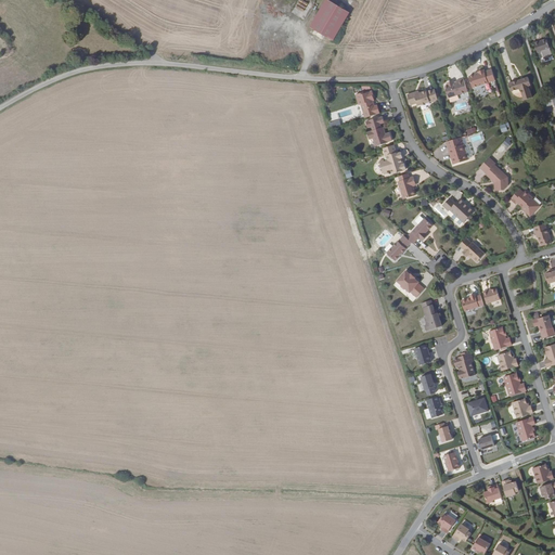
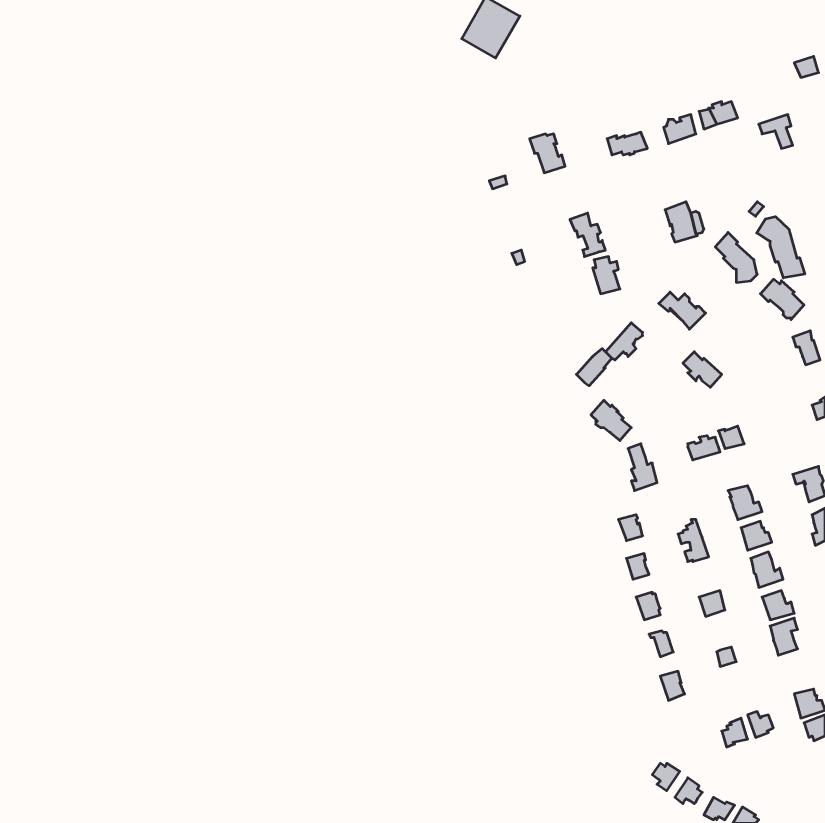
building: [366,115,392,144] -> none
building: none -> [757,217,805,278]

